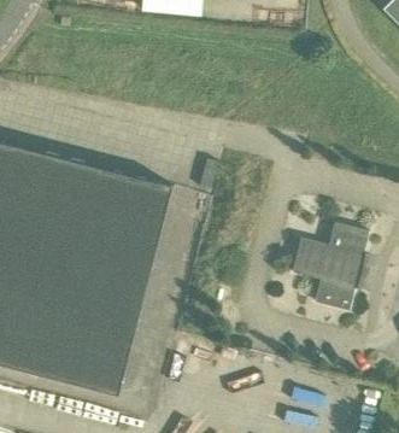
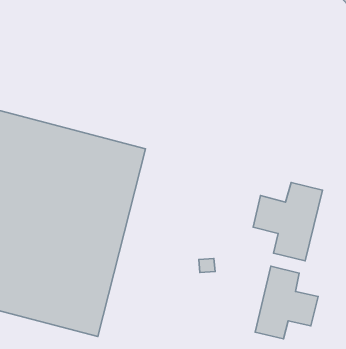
building: none -> [255,266,318,339]

